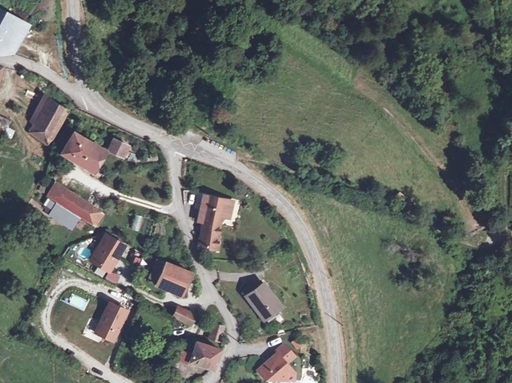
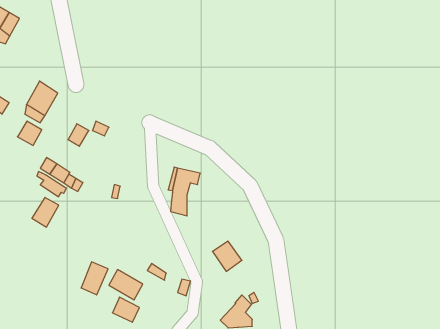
building: [63,135,91,163] -> [17,121,42,145]
building: [91,233,122,267] -> [32,197,59,227]
building: [150,257,189,292] -> [109,270,143,300]
building: [189,341,220,370] -> [112,297,139,322]

